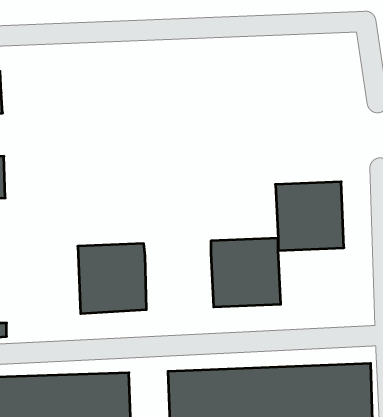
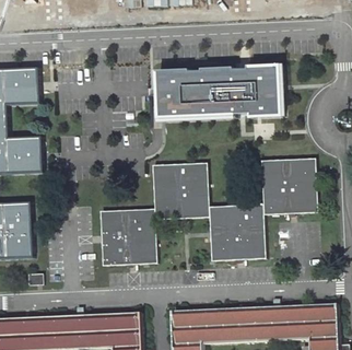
building: none -> [157,63,288,122]
building: none -> [151,162,208,218]

